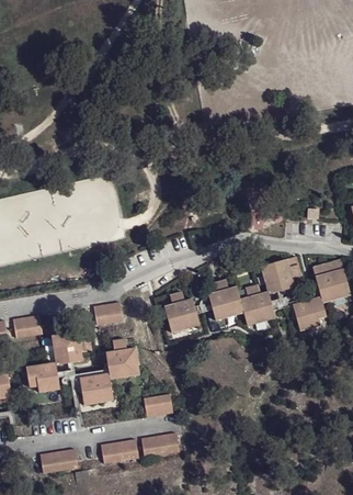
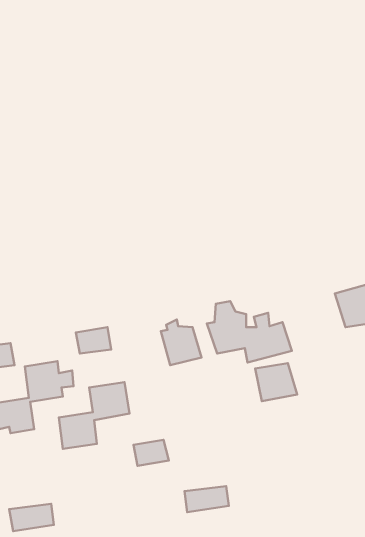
building: [259,259,297,296] -> none
building: [293,301,328,333] -> [255,363,297,401]
building: [141,435,179,457] -> [184,486,229,512]
building: [101,440,137,462] -> none

